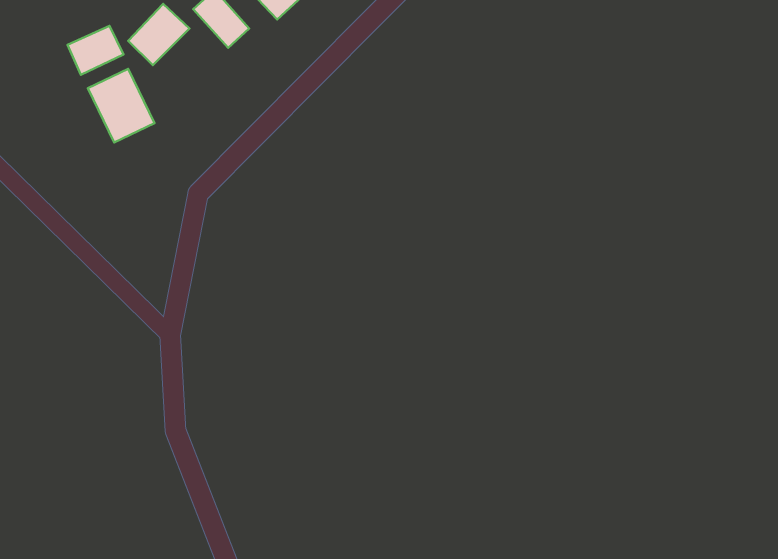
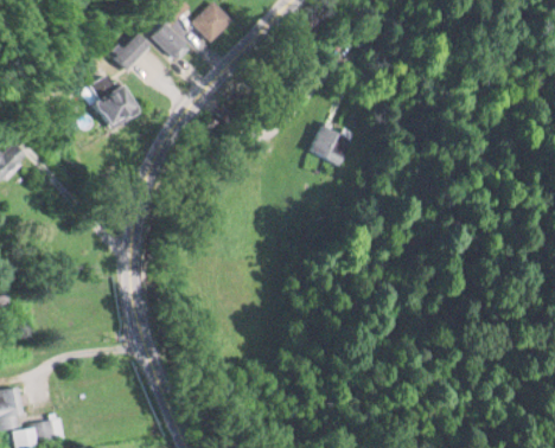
building: [68,26,123,75] -> none
building: none -> [308,123,359,167]

